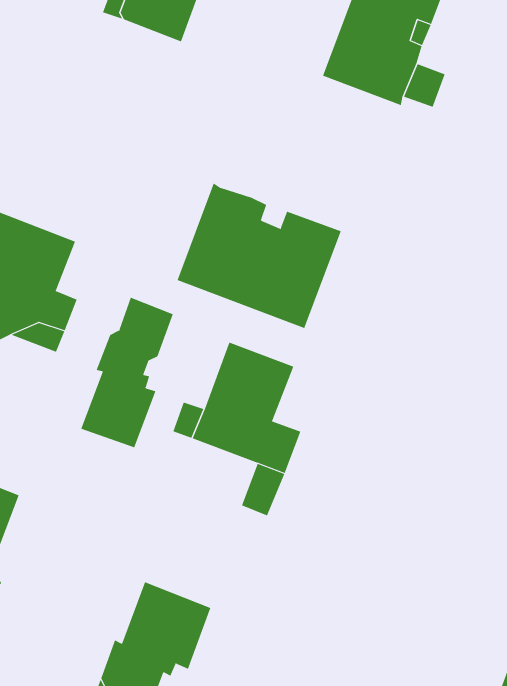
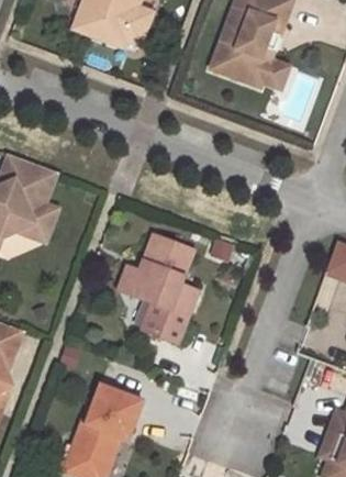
building: [177,183,341,329] -> none
building: [80,297,174,448] -> none

